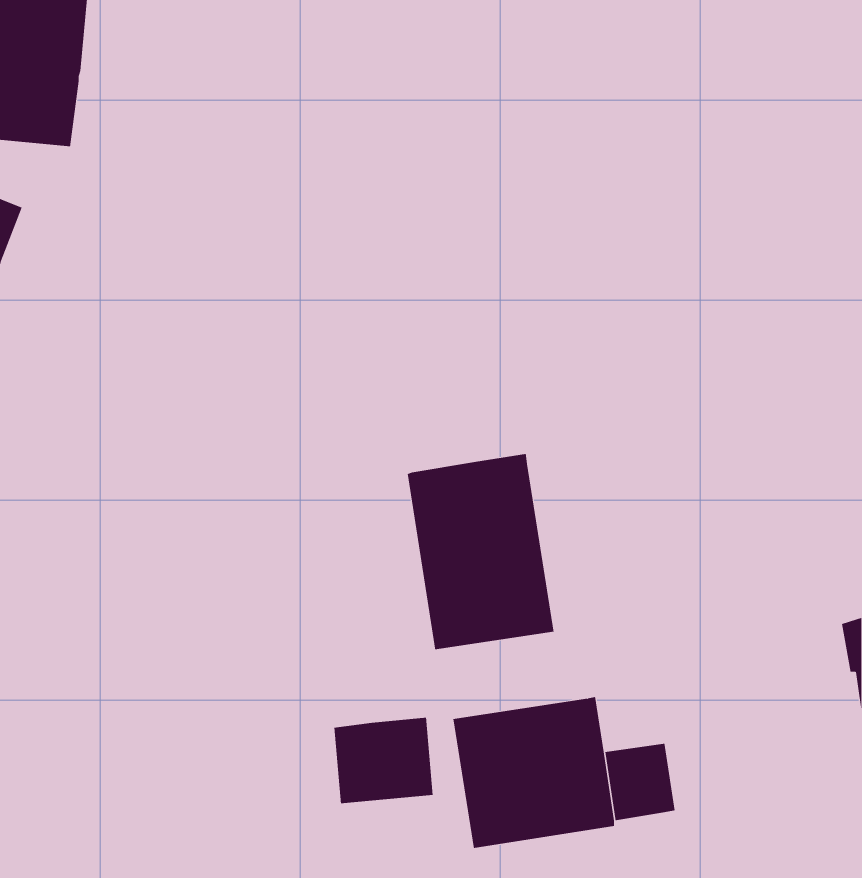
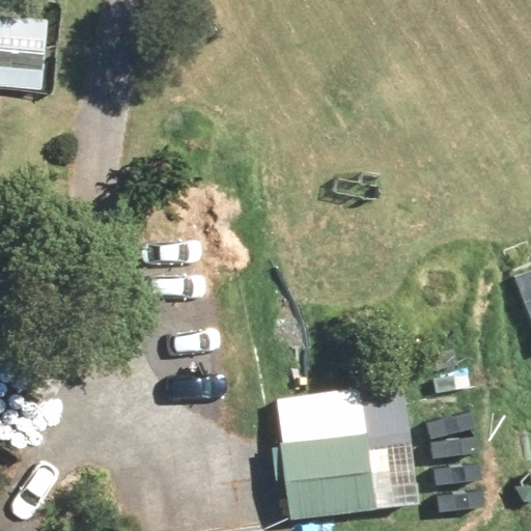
building: [407,453,554,650] -> none

